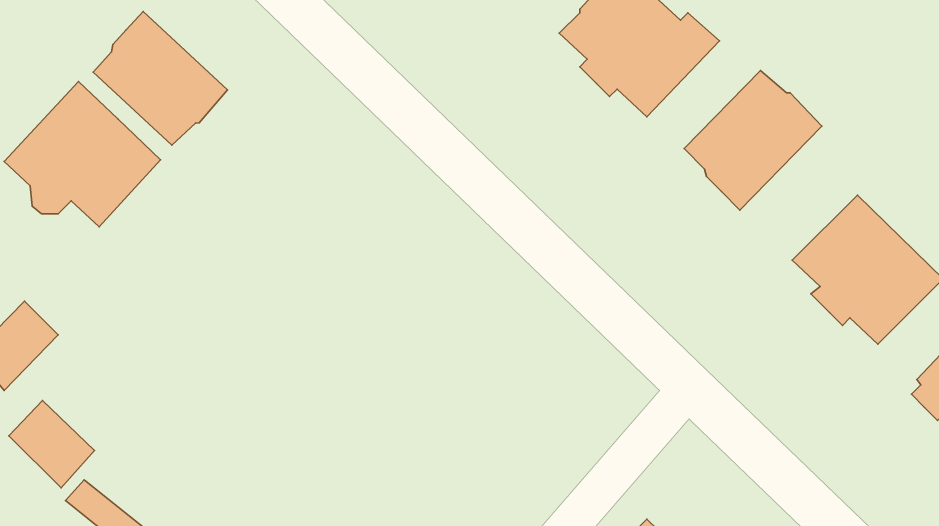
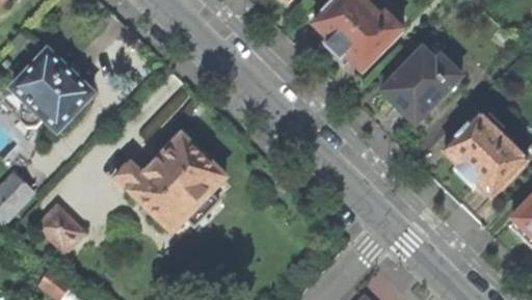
building: [93,11,227,145] -> none
building: none -> [115,135,225,231]
building: [9,400,95,488] -> [37,202,85,251]

